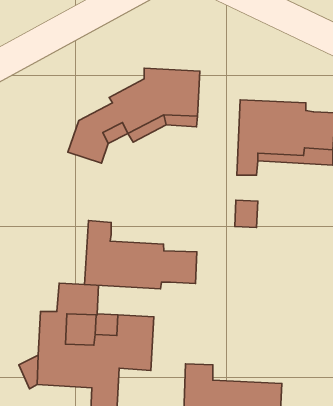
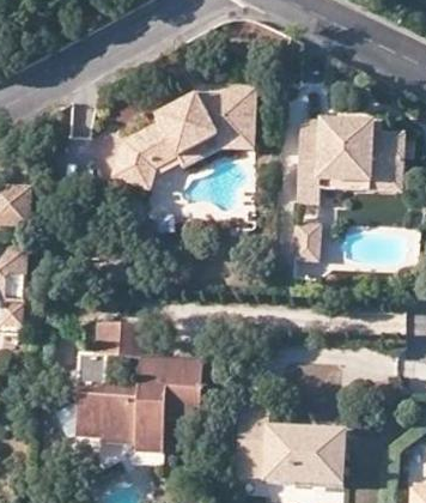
building: [85,220,197,289] -> none

